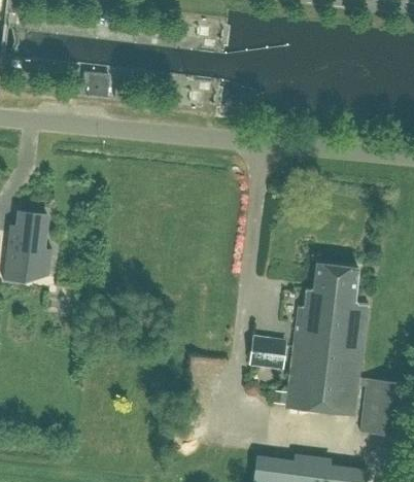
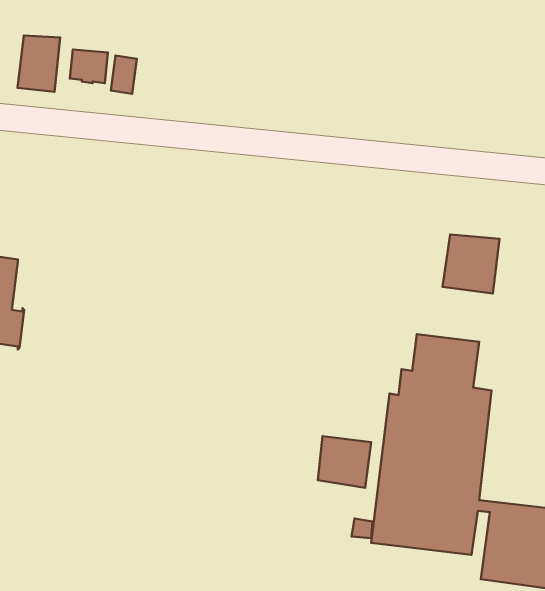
building: none -> [18,36,60,92]
building: none -> [442,234,499,293]

